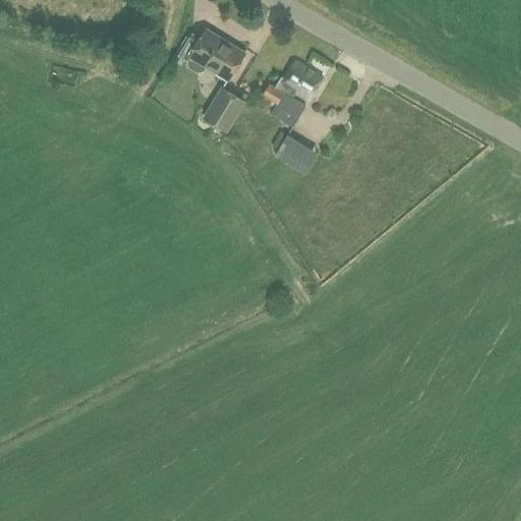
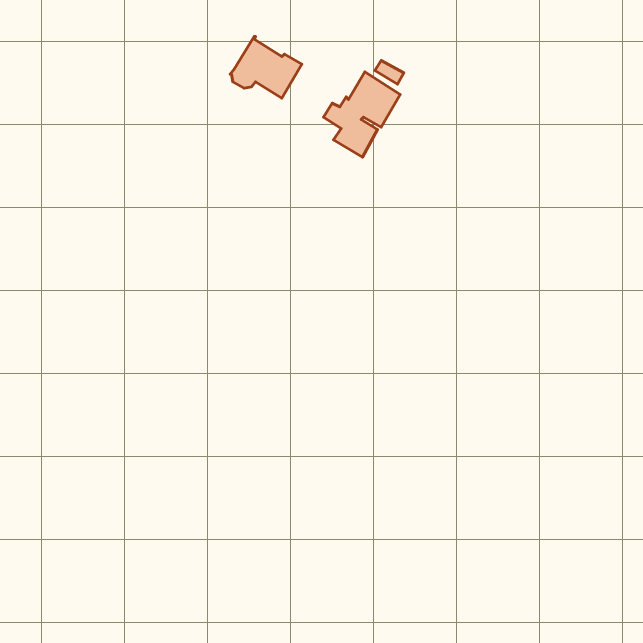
building: [201,85,247,132] -> none
building: [274,133,319,174] -> none

